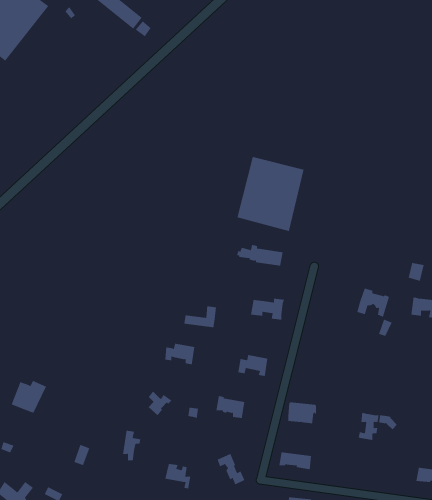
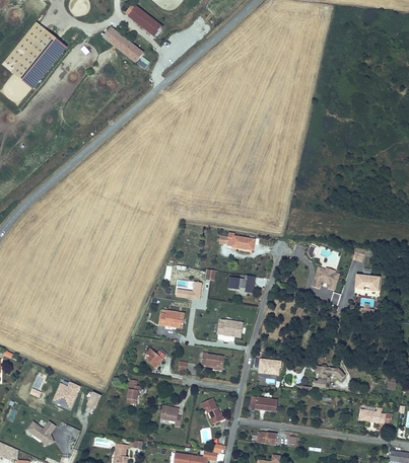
building: [237,156,304,232] -> none
building: [11,380,47,413] -> [53,381,81,407]

